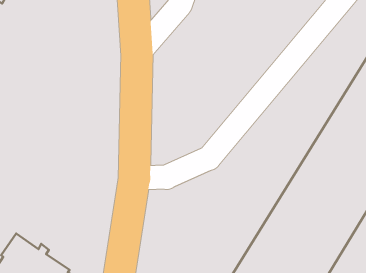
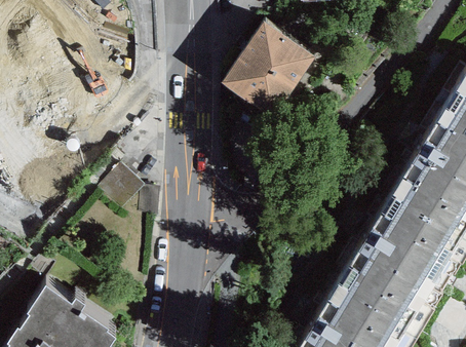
building: none -> [222,18,316,116]

